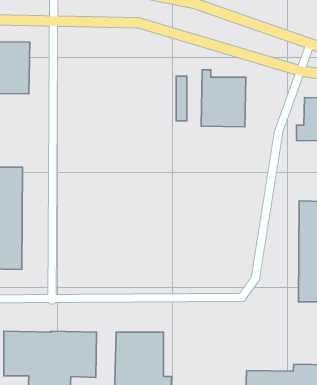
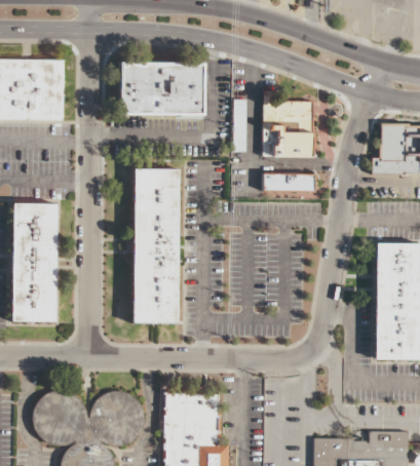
building: none -> [122,64,205,114]
building: none -> [133,169,181,323]
building: none -> [263,172,316,193]

